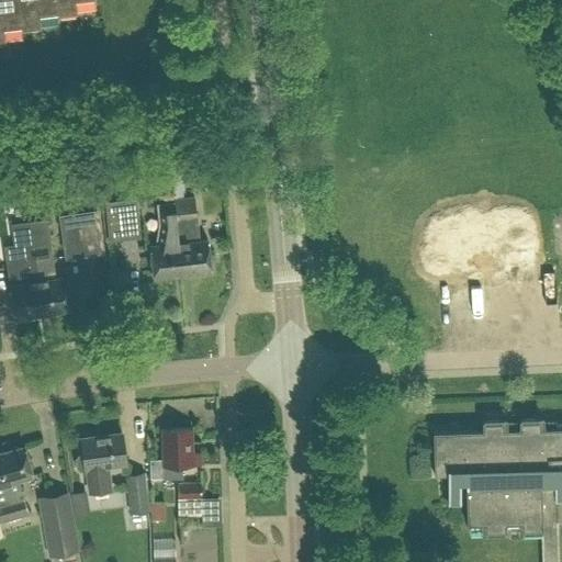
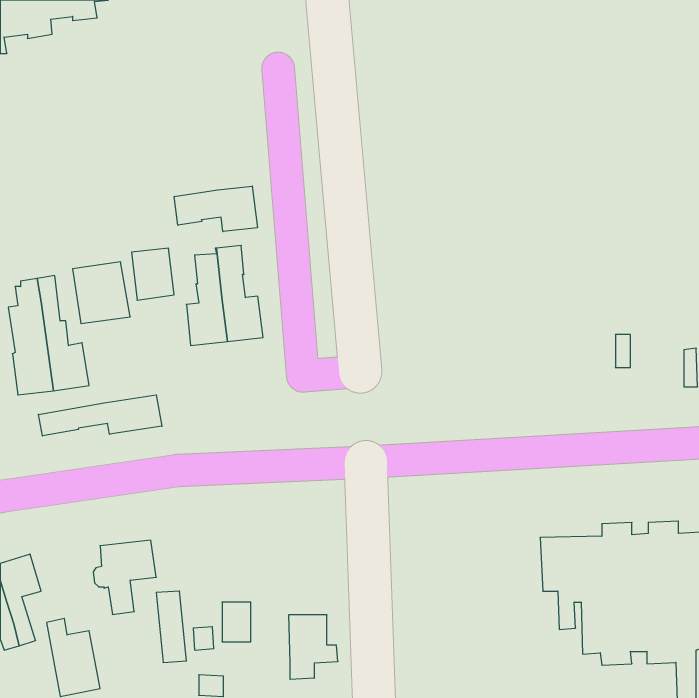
building: none -> [174,186,257,232]
building: none -> [38,395,162,436]
building: [162,429,202,481] -> [289,615,338,679]

